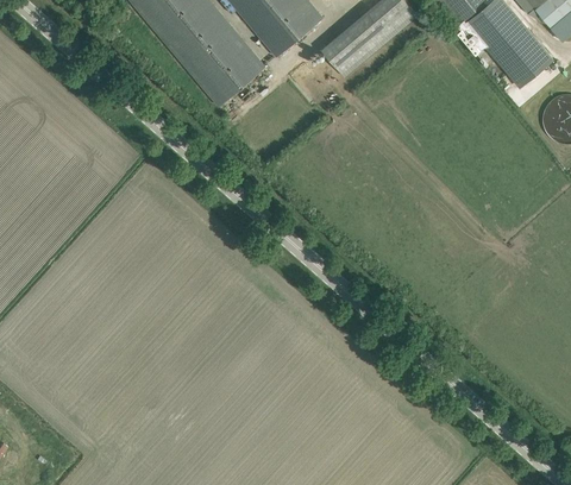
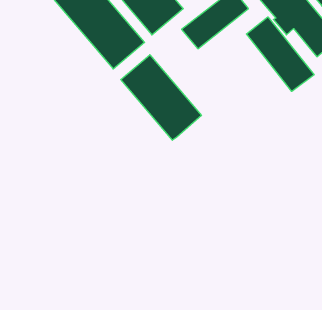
building: none -> [246,17,314,91]
building: none -> [121,55,201,140]

